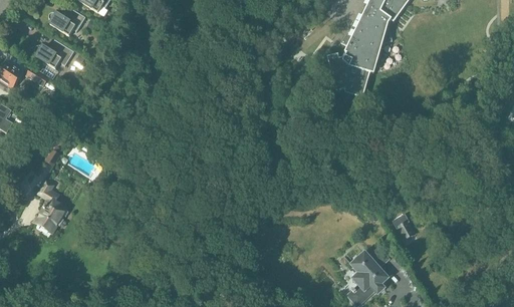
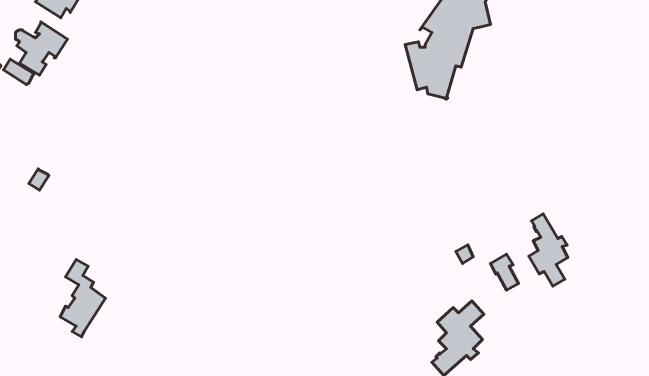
building: [33,179,67,237] -> [60,260,105,337]
building: none -> [529,214,568,286]

